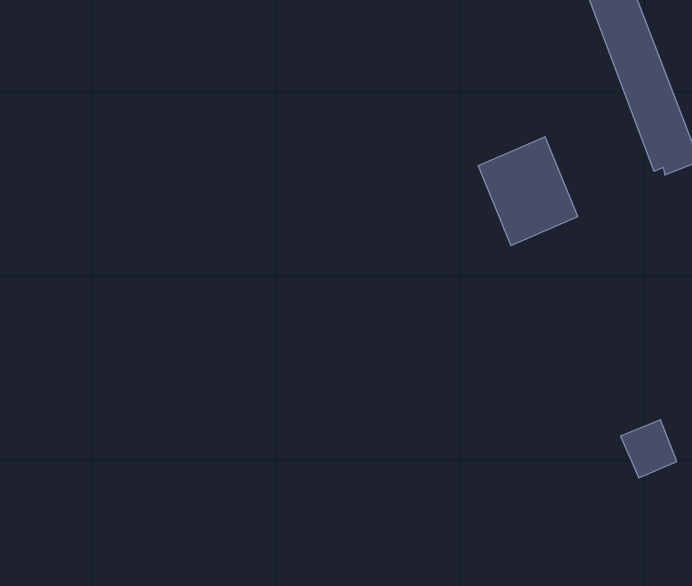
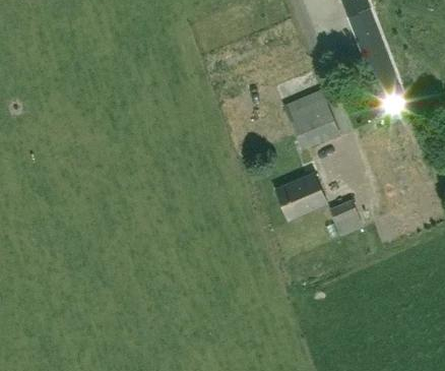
building: none -> [274,169,326,217]
building: [621,420,677,478] -> [329,198,361,231]

